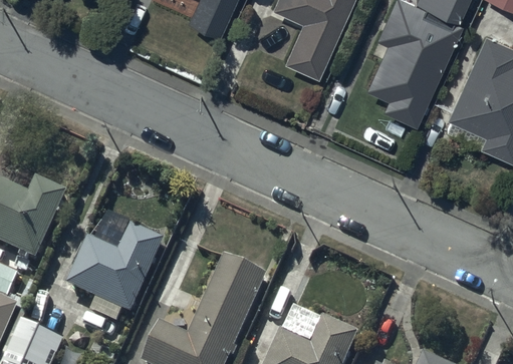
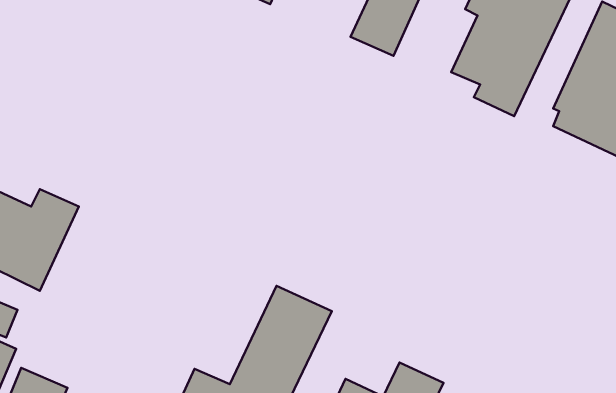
building: [68,223,168,314] -> none

